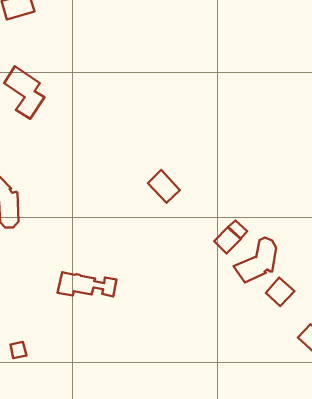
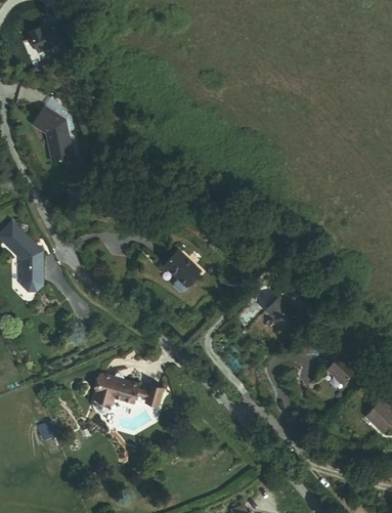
building: [148,170,180,203] -> [168,247,205,285]
building: [233,238,276,283] -> none
building: [58,272,117,296] -> [94,379,162,407]

